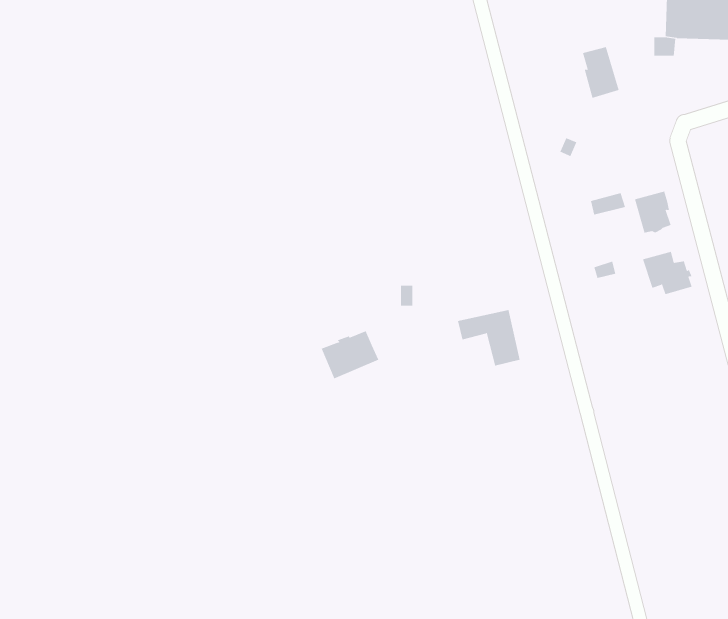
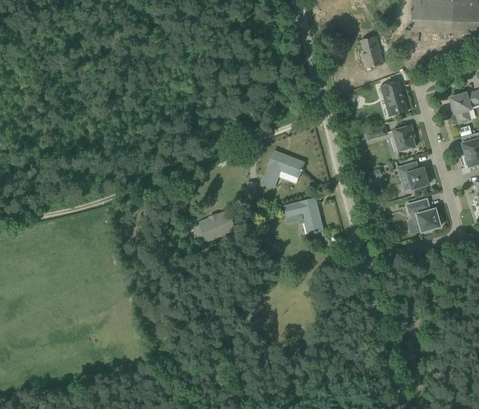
building: none -> [382,80,407,116]
building: none -> [261,151,304,188]
building: none -> [406,199,441,233]

